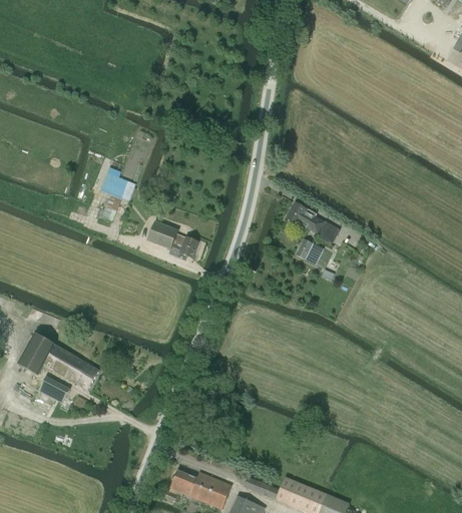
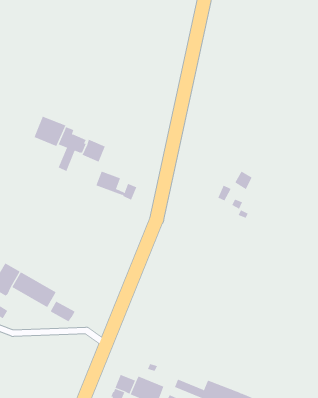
building: none -> [34,116,66,147]
building: none -> [82,139,106,162]
building: [287,202,325,233] -> none
building: [39,376,70,402] -> [50,301,75,322]

